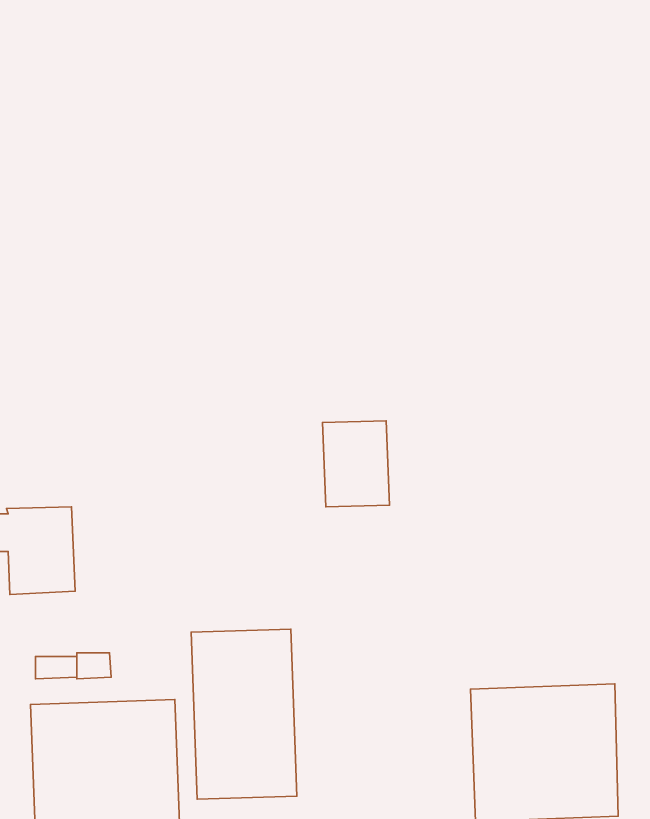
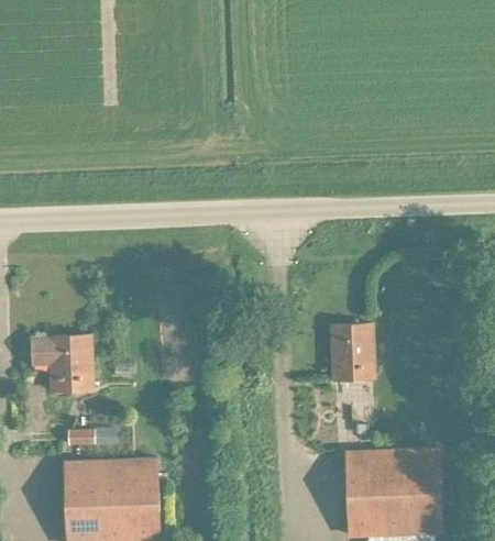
building: [322,421,389,507] -> [330,324,373,379]
building: [191,629,297,799] -> none

